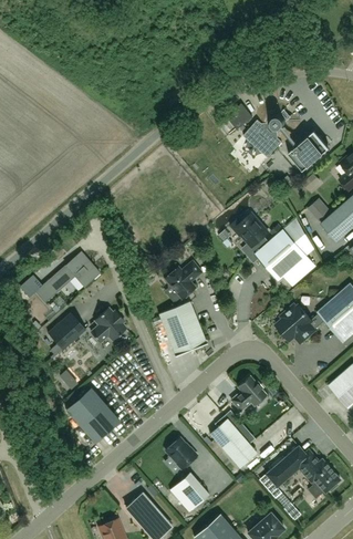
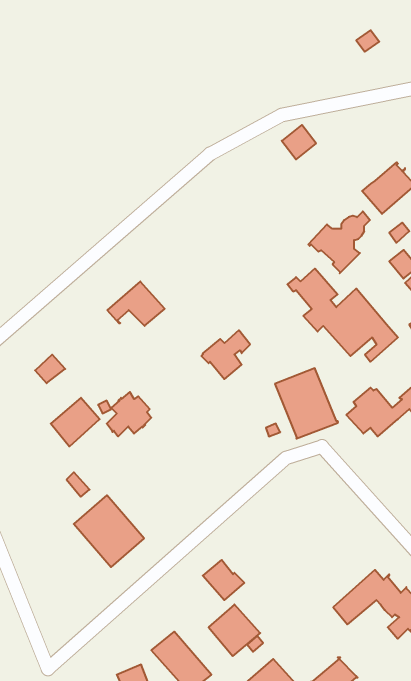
building: [242,110,290,157] -> [308,211,370,273]
building: [55,251,100,286] -> [107,281,165,326]
building: [158,301,207,355] -> [275,368,338,439]
building: [231,375,266,411] -> none
building: [209,418,257,467] -> none

